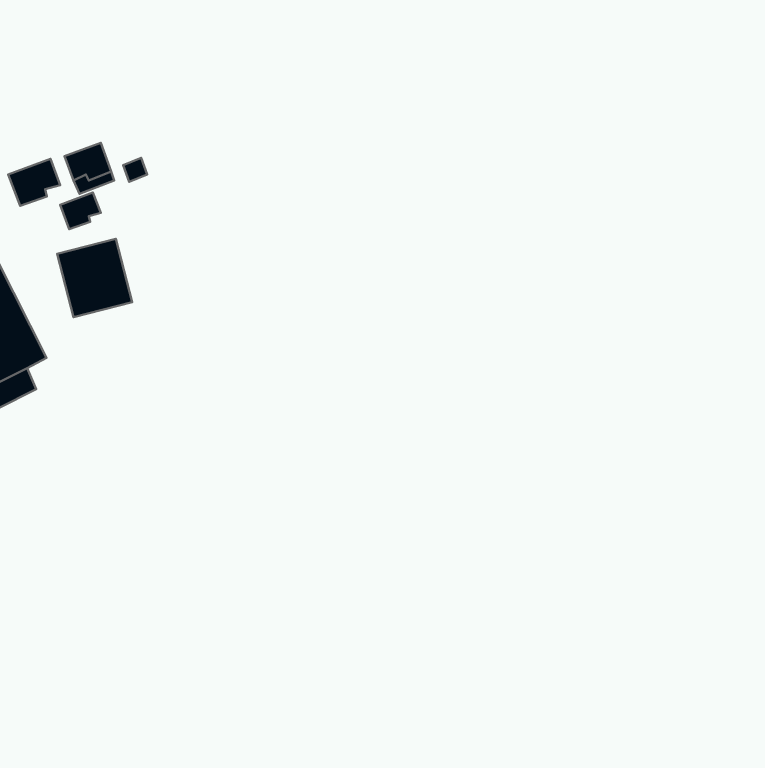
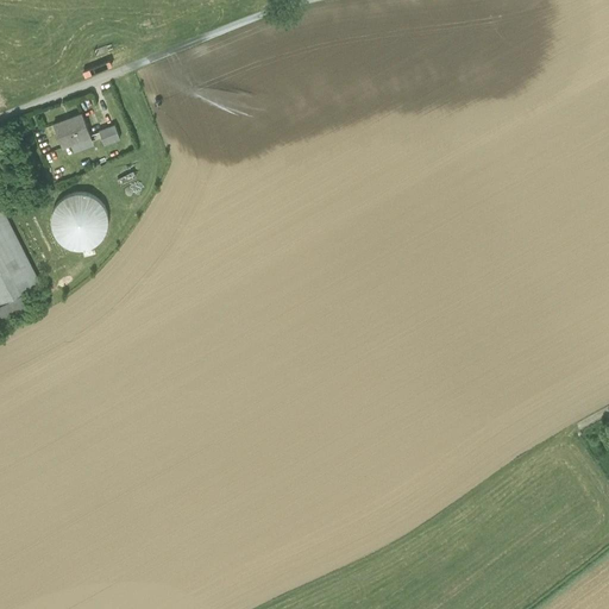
building: [8,159,60,206] -> none
building: [60,192,101,229] -> none

